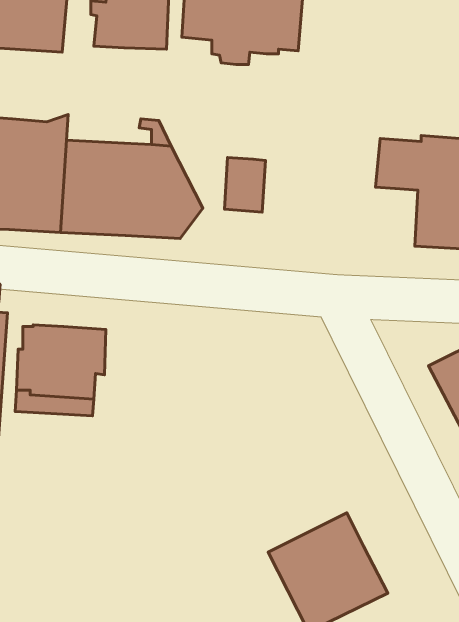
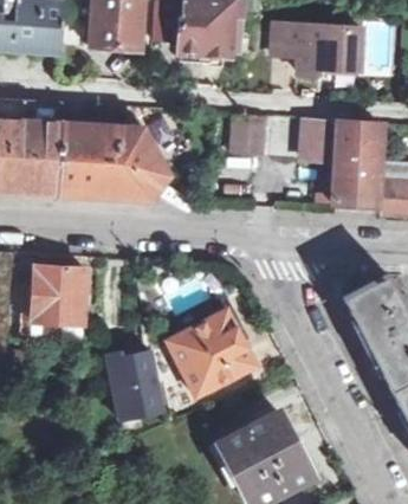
building: none -> [277,21,361,71]
building: [224,158,265,212] -> [231,112,263,155]
building: none -> [167,308,253,394]
building: none -> [115,350,167,433]

